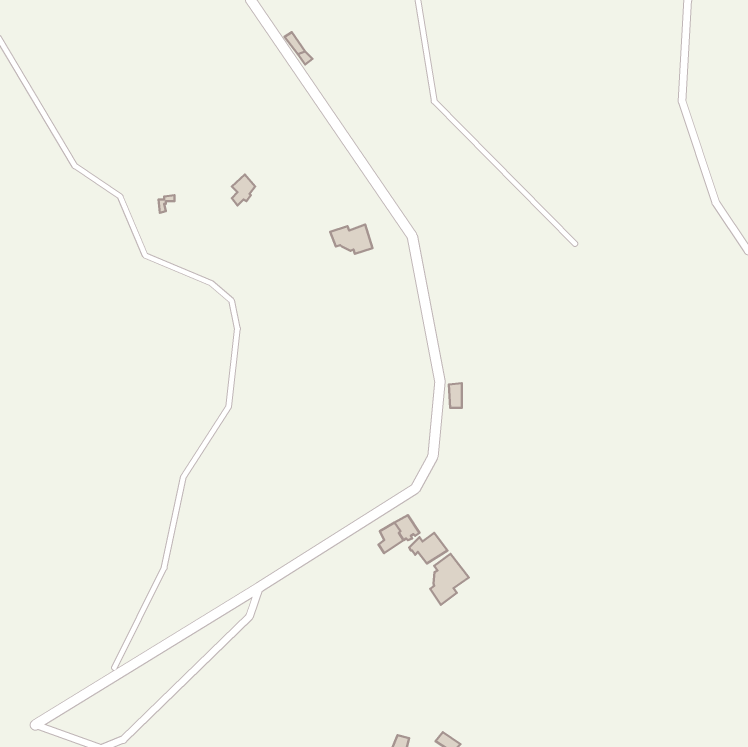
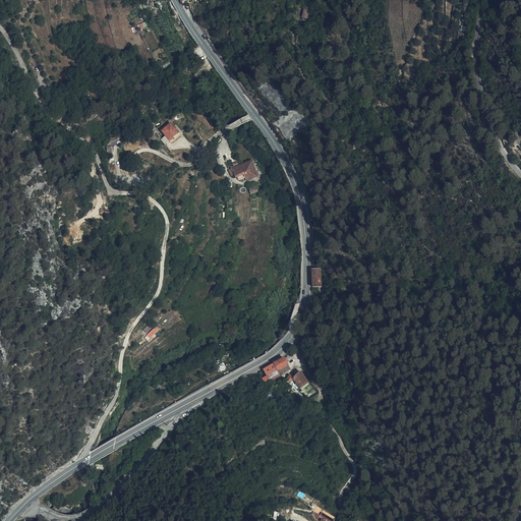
building: [430,554,469,605] -> none

